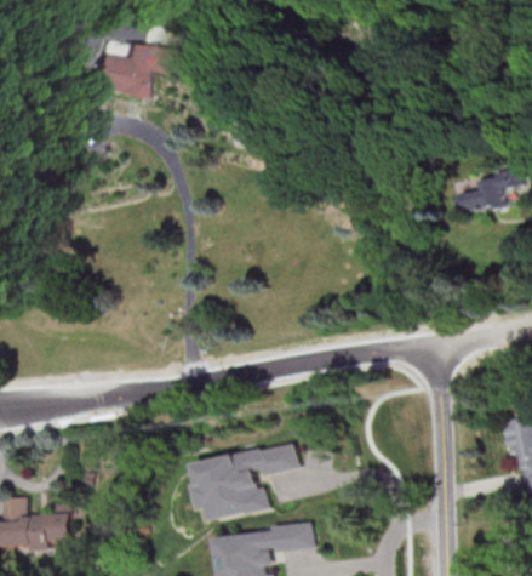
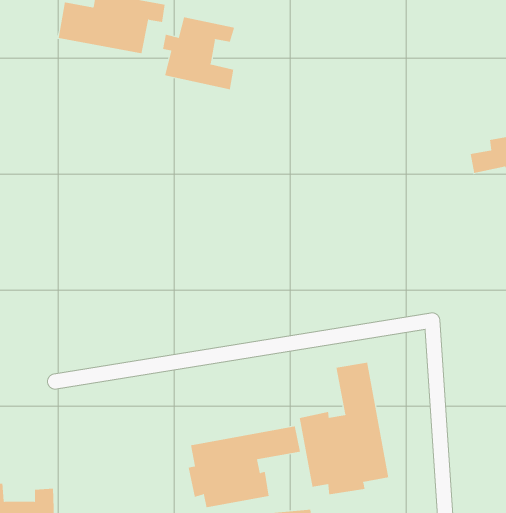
building: none -> [163,17,235,90]
building: none -> [299,362,389,495]

